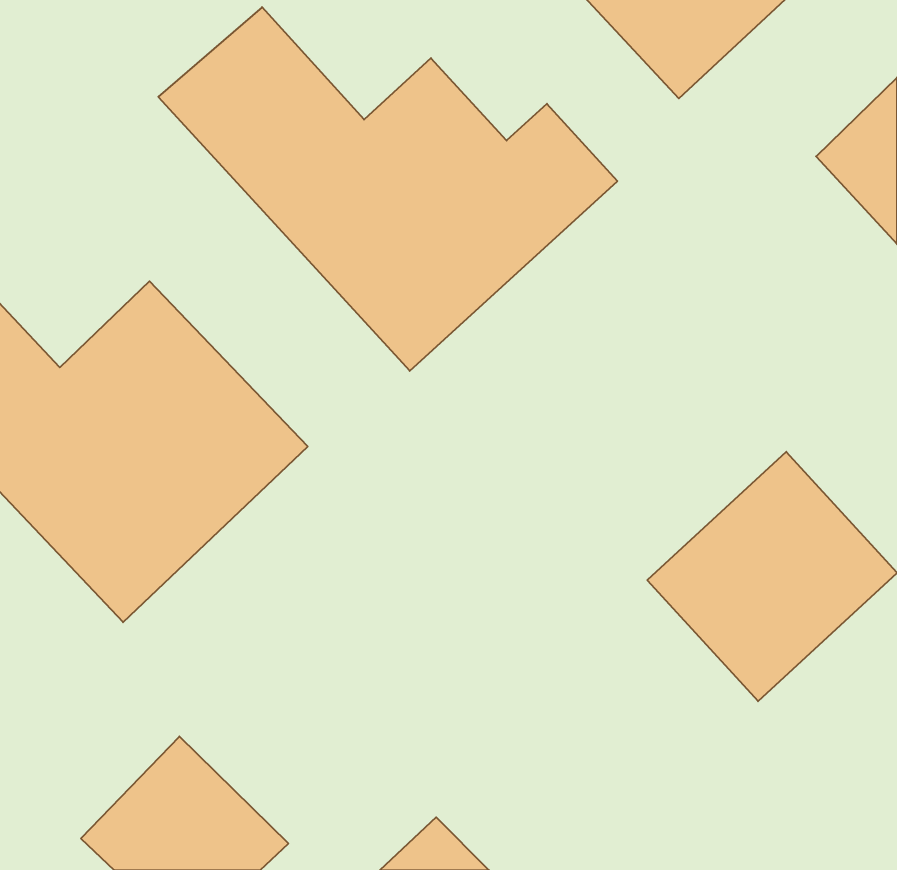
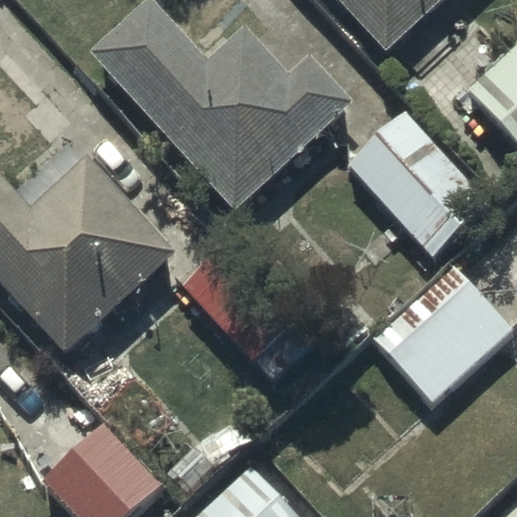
building: none -> [347,112,490,258]

